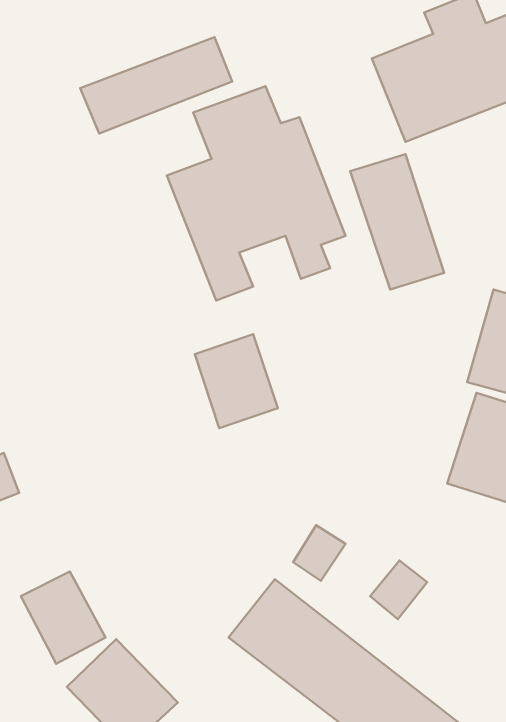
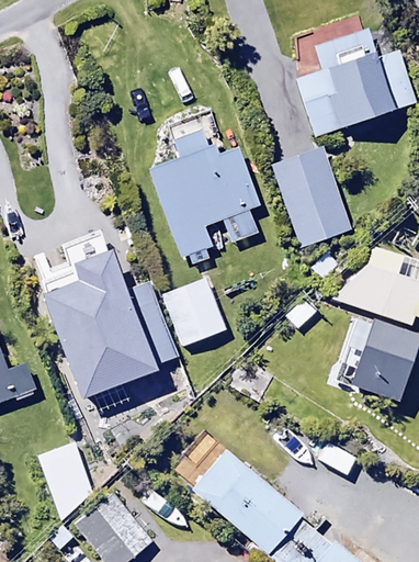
building: [80,37,232,133] -> none
building: none -> [42,250,175,400]

